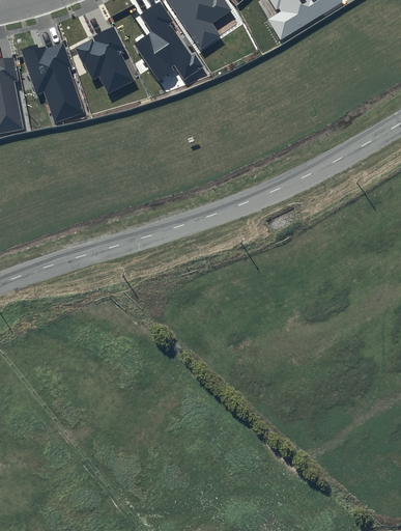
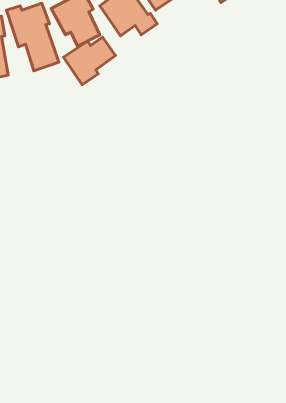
building: none -> [64,37,116,85]

